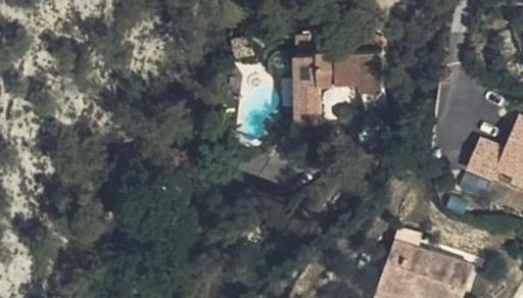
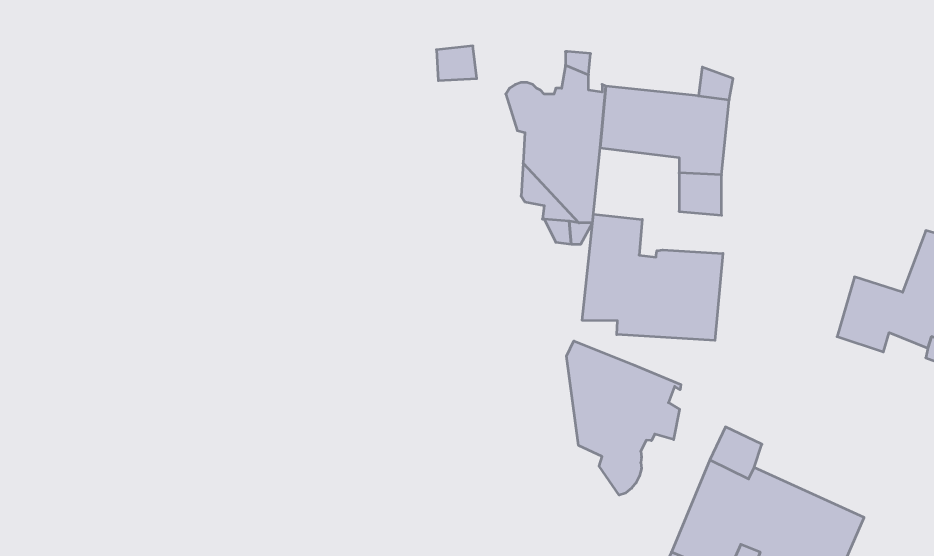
building: none -> [582,214,723,340]
building: none -> [566,341,681,495]

